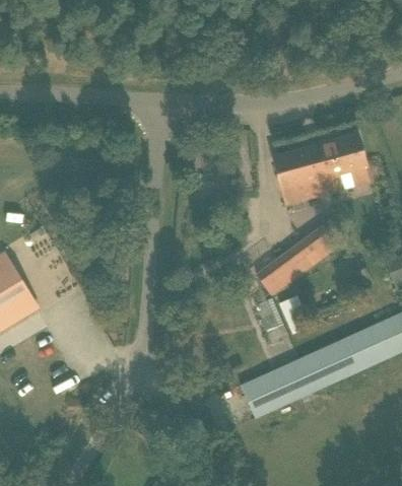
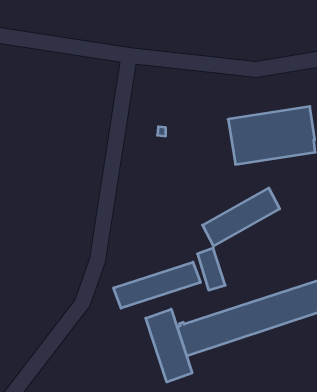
building: none -> [114,262,200,308]
building: none -> [146,309,192,382]

